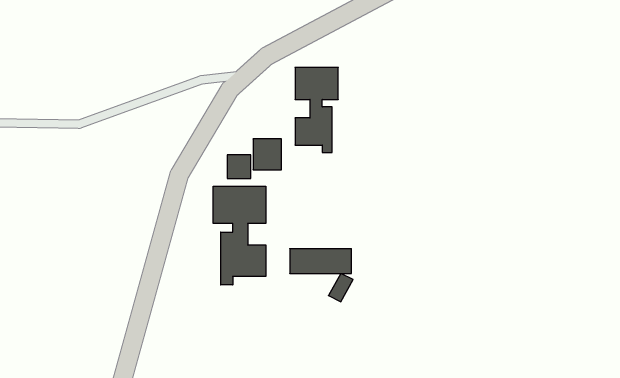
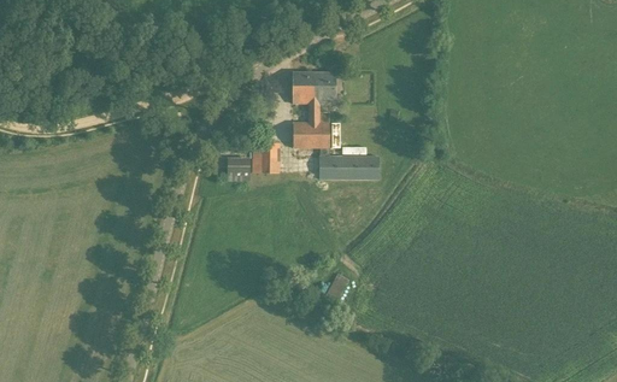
building: [213,186,266,285] -> none
building: [290,249,351,273] -> [319,155,380,180]

